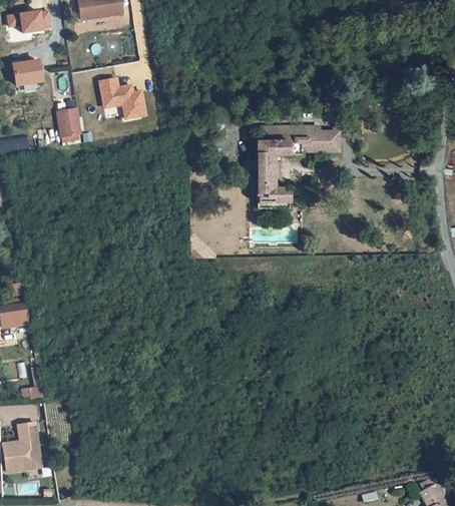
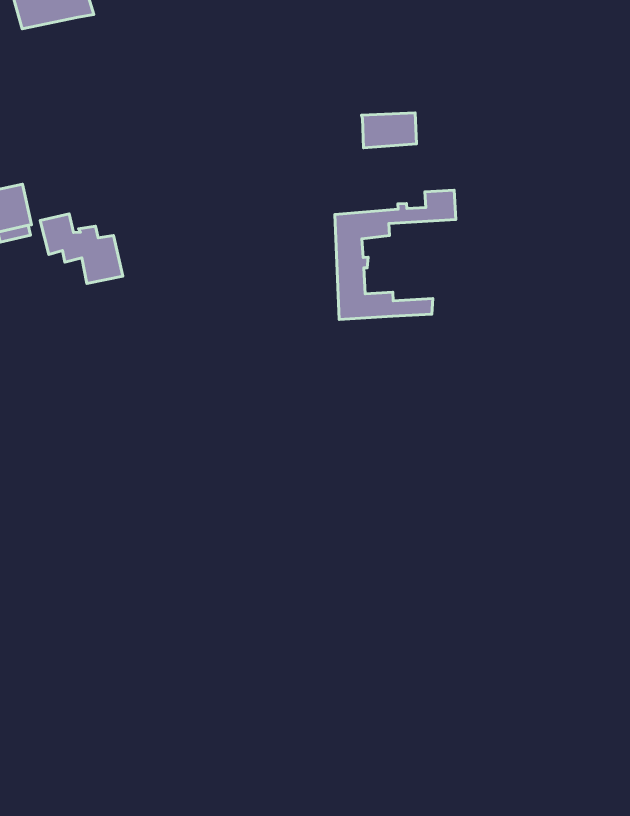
building: [100,78,146,119] -> [40,214,123,283]
building: none -> [362,113,417,148]

